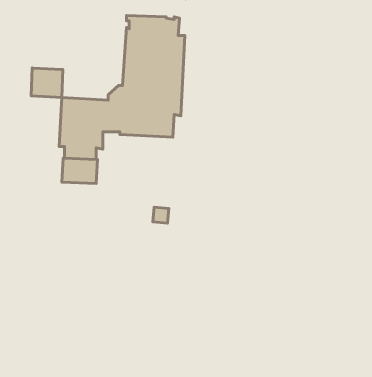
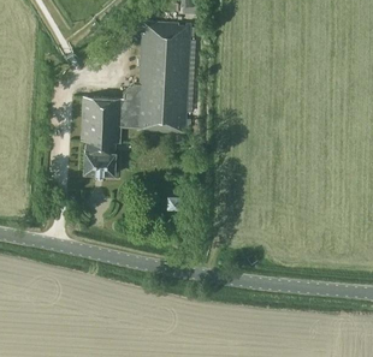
building: [31,68,63,97] -> none

